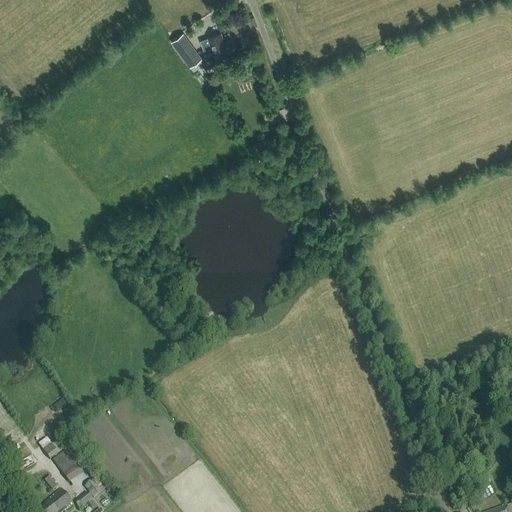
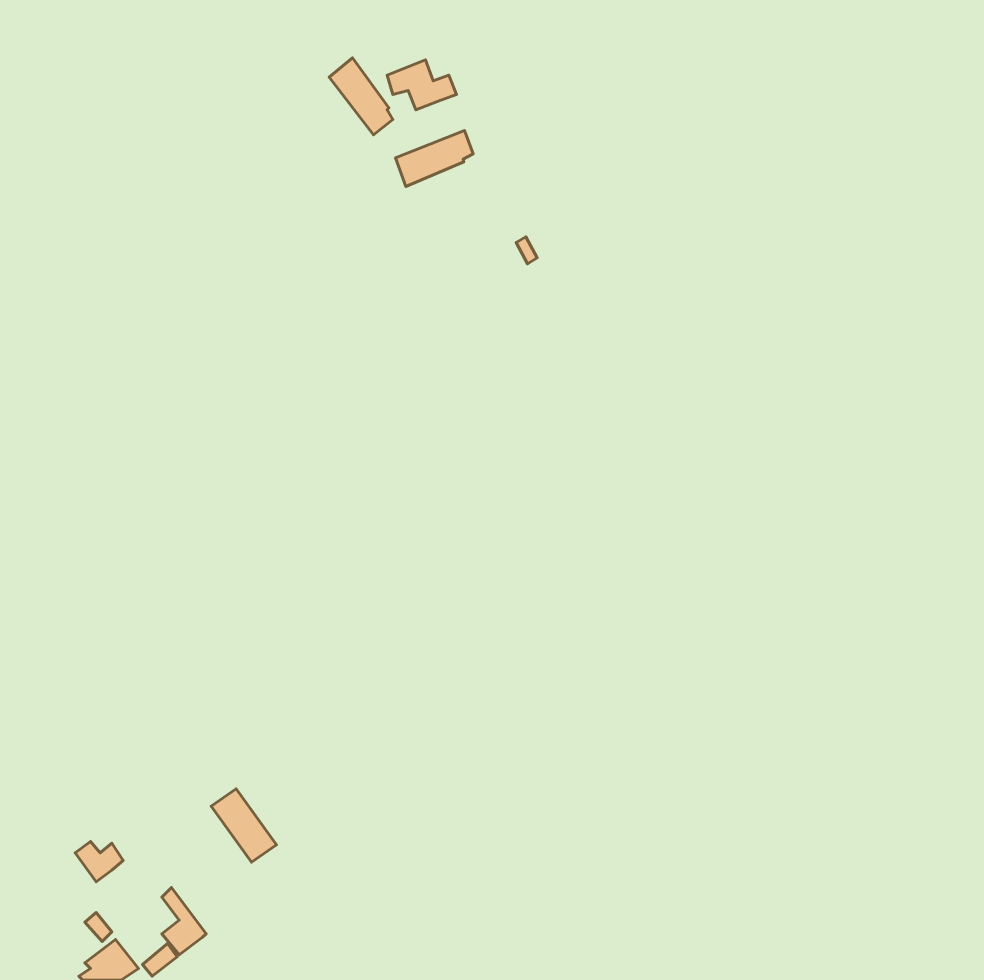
building: none -> [396,130,473,187]
building: [53,449,87,487] -> [211,789,277,862]

